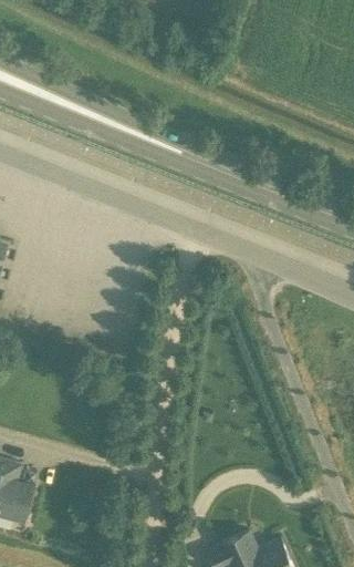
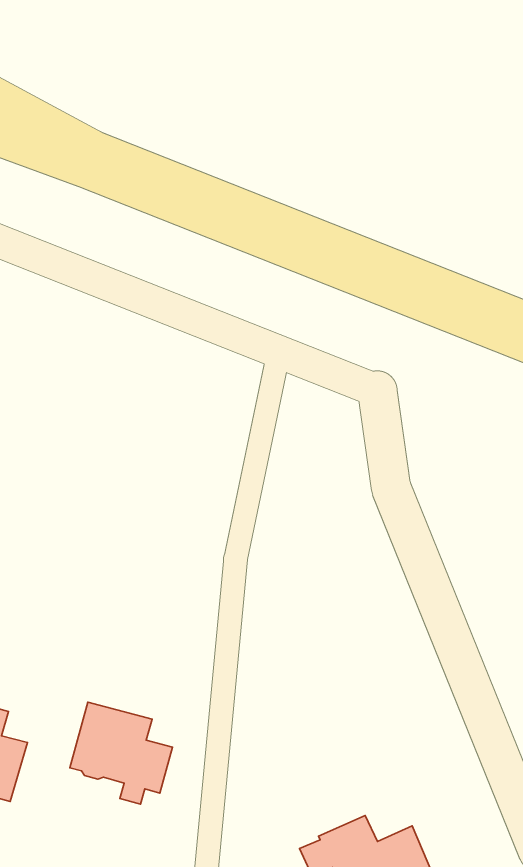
building: none -> [70,702,173,804]

